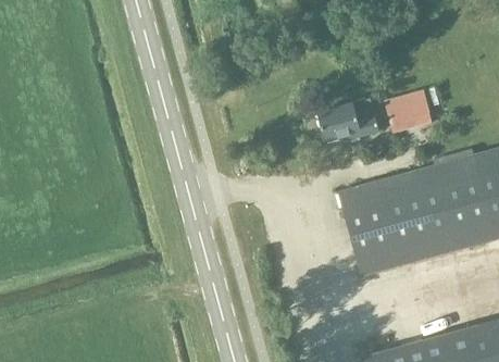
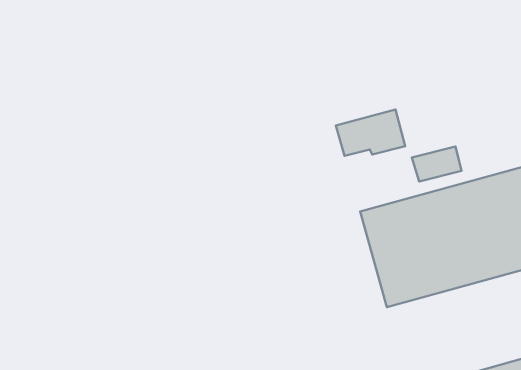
building: [385,90,429,122] -> [412,147,462,182]

